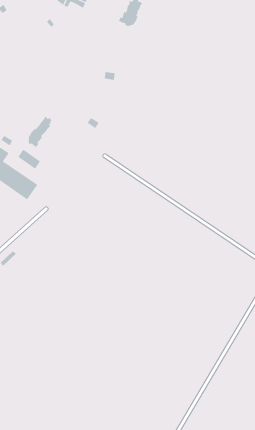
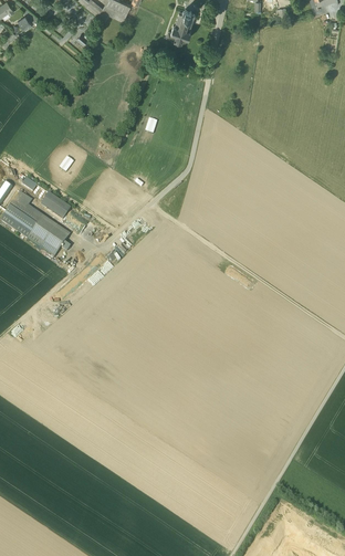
building: [28,116,52,148] -> none

